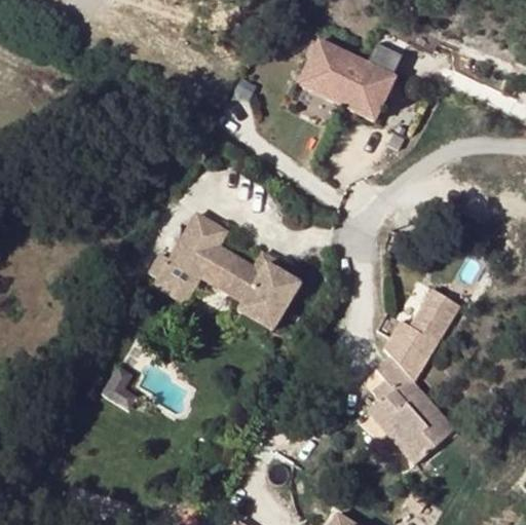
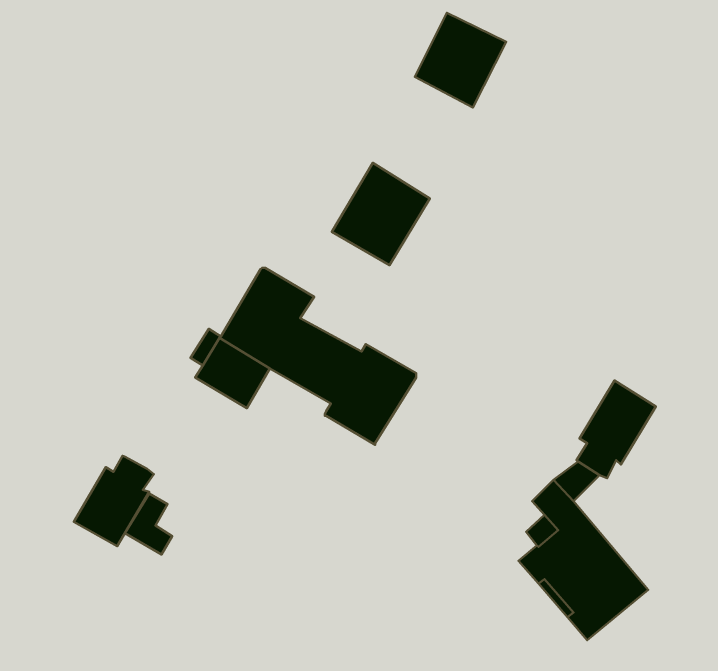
building: [337,59,394,120] -> none
building: none -> [332,163,430,265]
building: none -> [74,456,154,546]

